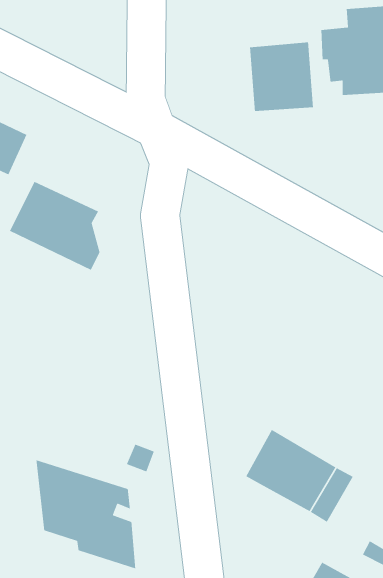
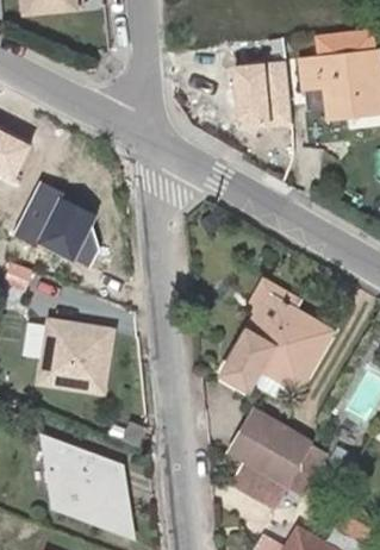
building: none -> [222,282,331,408]
building: none -> [31,318,116,396]
building: none -> [230,458,287,508]

